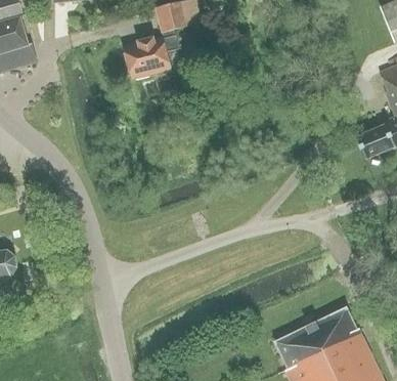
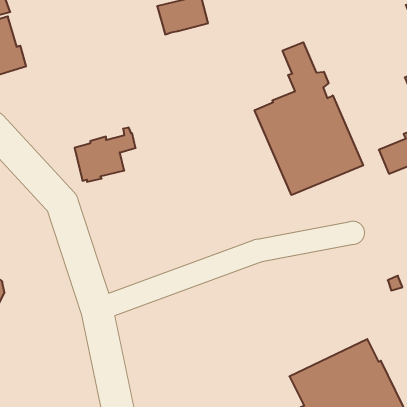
building: [125,29,180,78] -> [75,128,136,182]
building: none -> [255,42,363,195]

